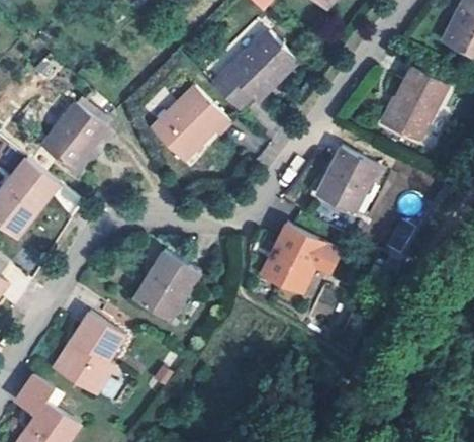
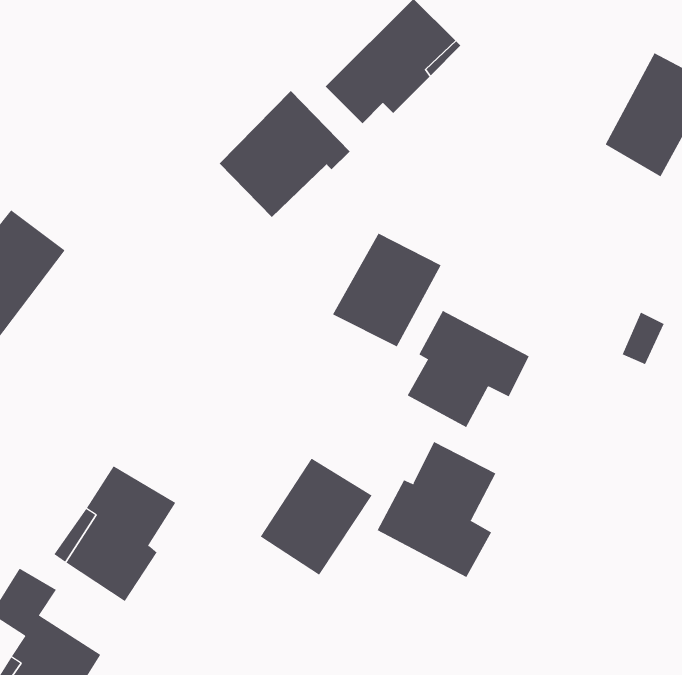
building: [42,102,108,171] -> none
building: [314,145,379,212] -> [332,233,441,347]
building: [134,255,201,325] -> [260,458,373,576]
building: none -> [377,441,496,578]

